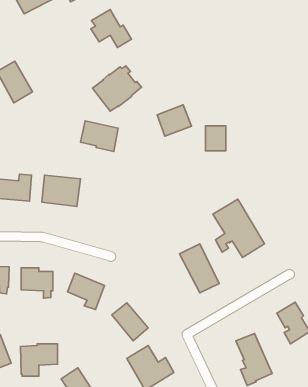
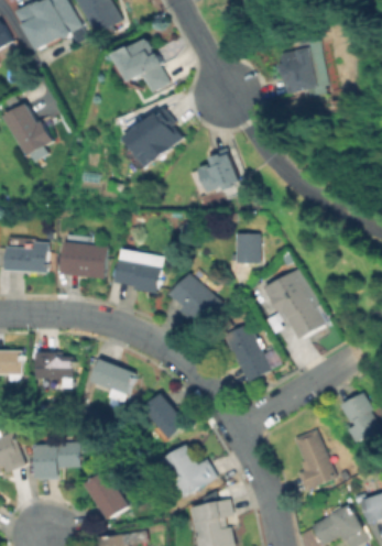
building: none -> [277,46,318,96]
building: [80,121,118,151] -> [116,256,161,293]
building: [206,126,226,151] -> [237,236,261,265]
building: none -> [171,269,222,324]

